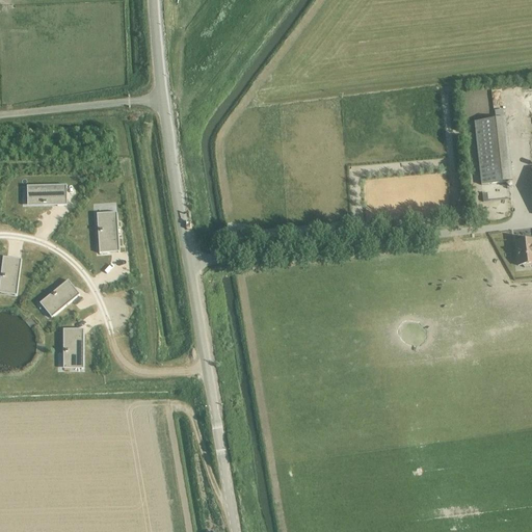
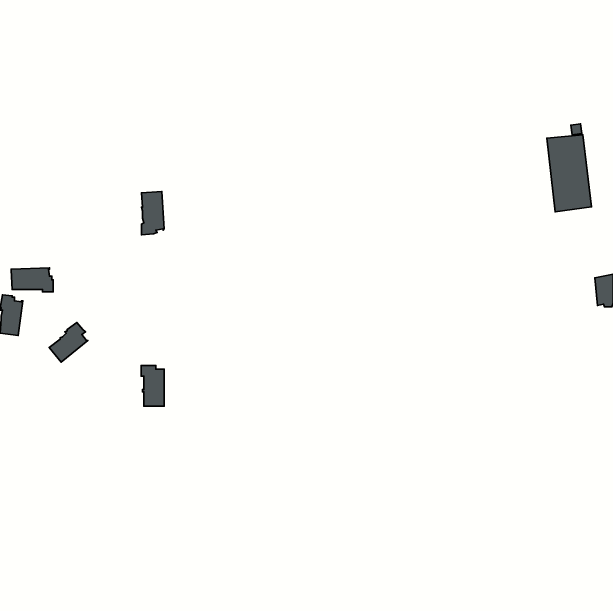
building: [29,183,65,204] -> [11,268,53,292]
building: [98,214,117,251] -> [141,192,164,235]
building: [62,327,82,363] -> [141,365,164,406]

